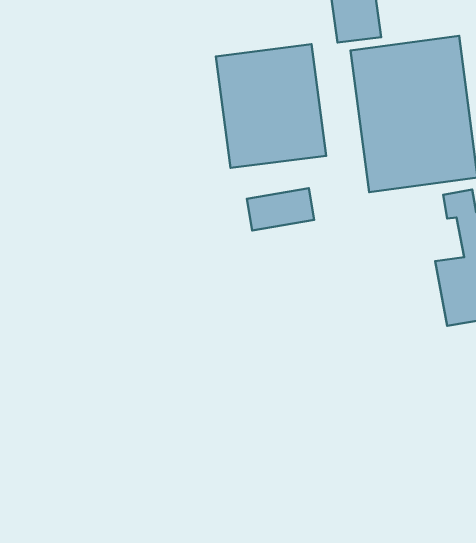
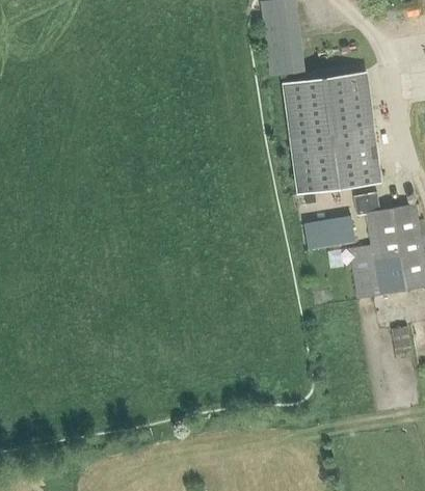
building: [216,44,326,168] -> none
building: [247,188,314,231] -> [294,218,347,251]

